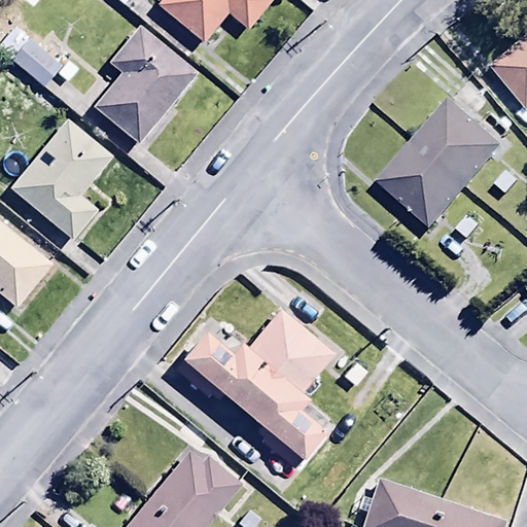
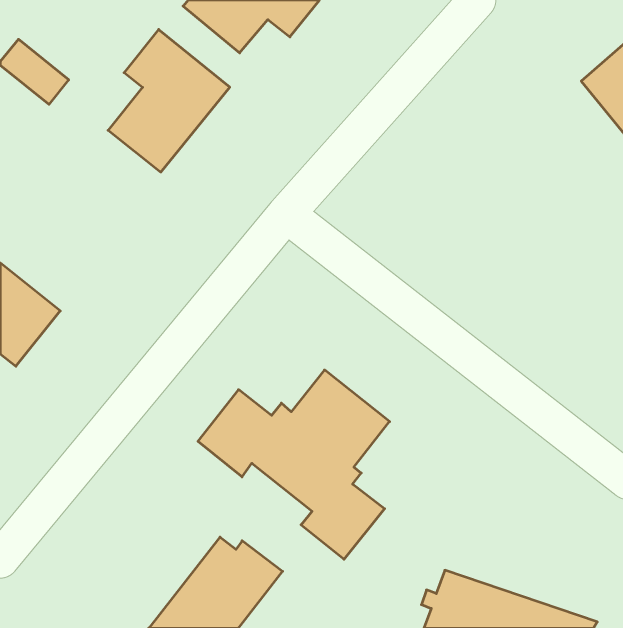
building: [379,84,503,226] -> none
building: [10,119,114,240] -> none

